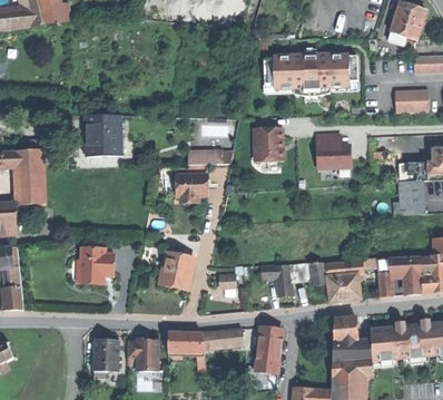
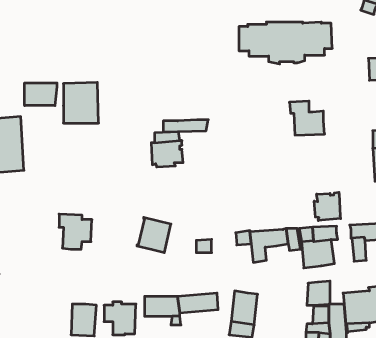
building: none -> [25,83,57,106]
building: [254,127,283,162] -> none
building: none -> [314,192,341,221]

